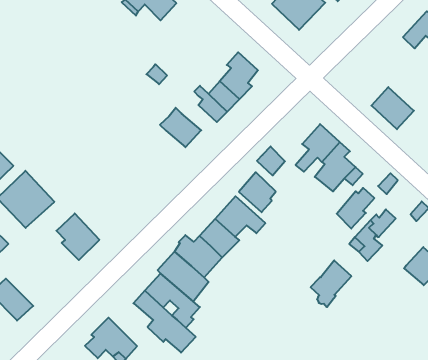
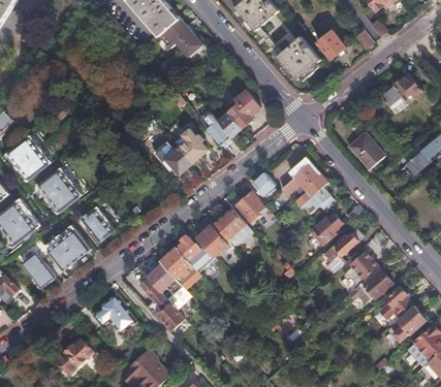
building: none -> [164,148,193,175]
building: none -> [43,225,90,270]
building: [311,260,351,307] -> [342,251,376,288]

